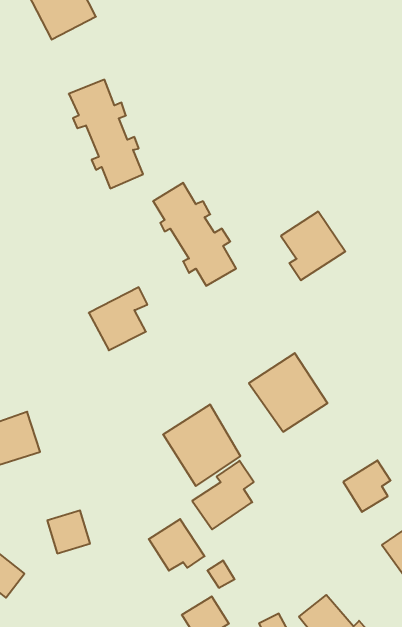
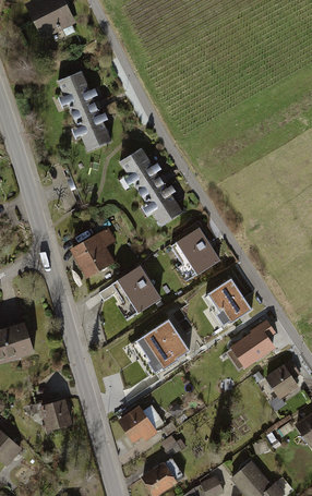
building: [281,212,345,280] -> [169,228,218,280]
building: none -> [111,268,157,319]
building: [192,461,254,529] -> [230,316,277,368]

